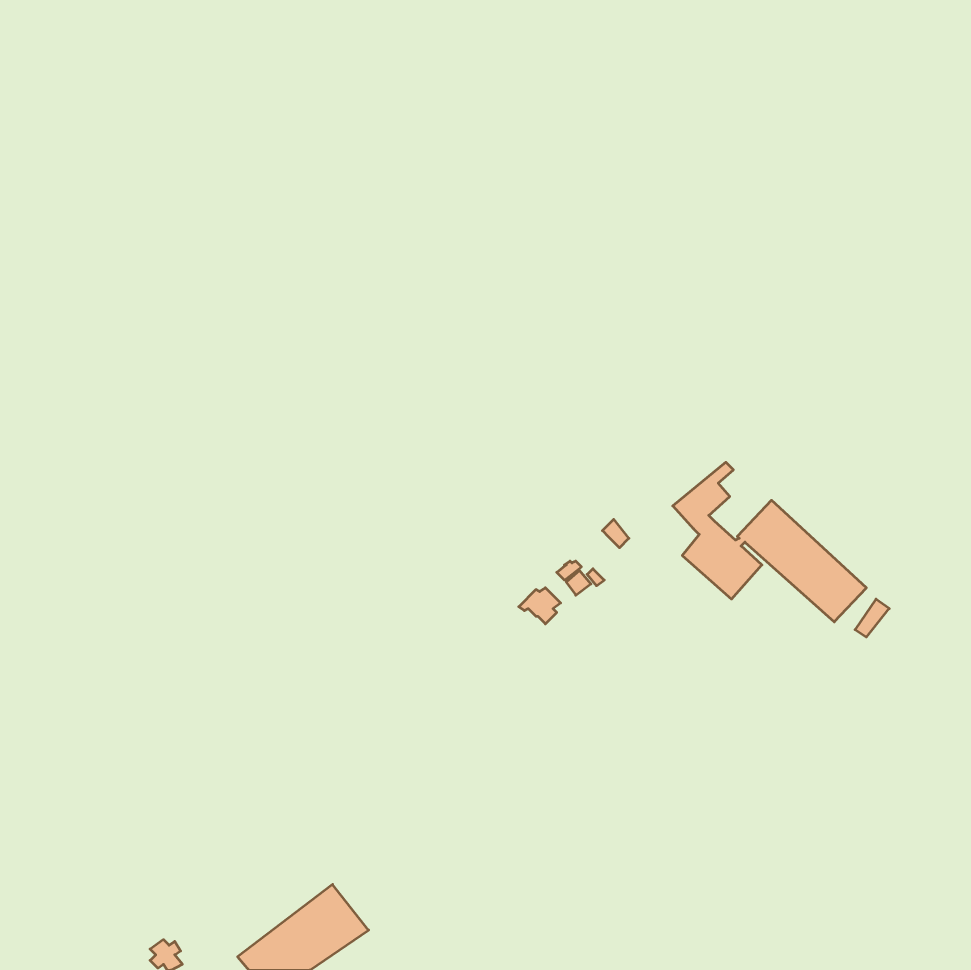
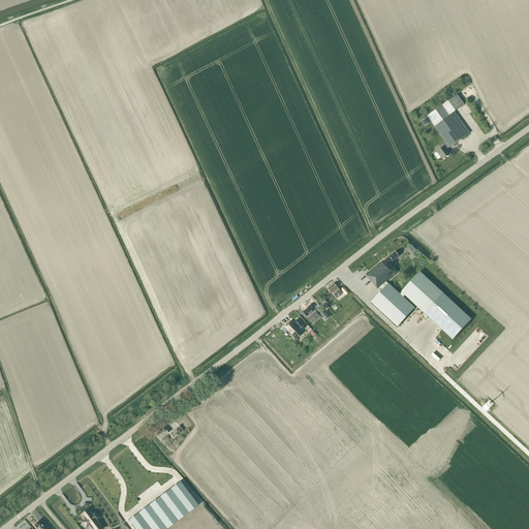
building: none -> [427,94,469,159]

